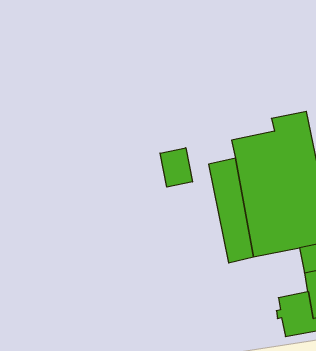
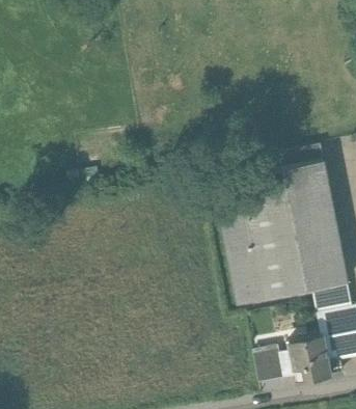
building: [160,148,192,187] -> none
building: none -> [254,348,285,382]

